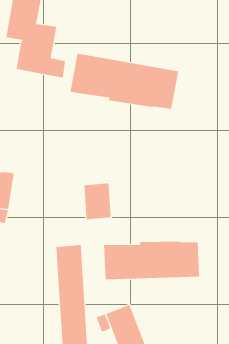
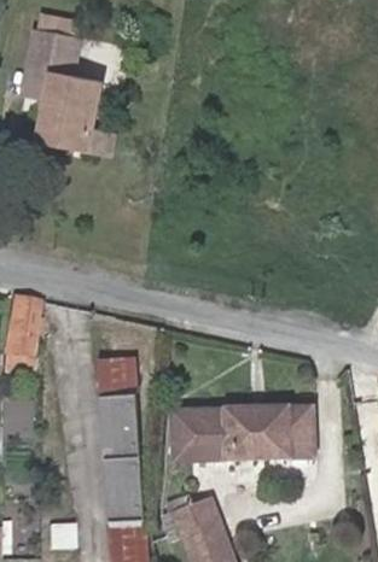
building: [70,53,179,110] -> none
building: [83,183,112,220] -> [95,356,138,411]

